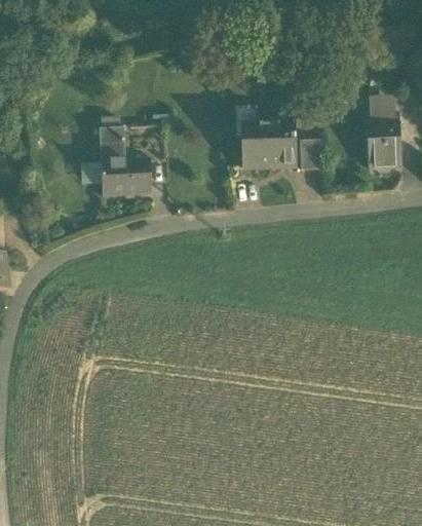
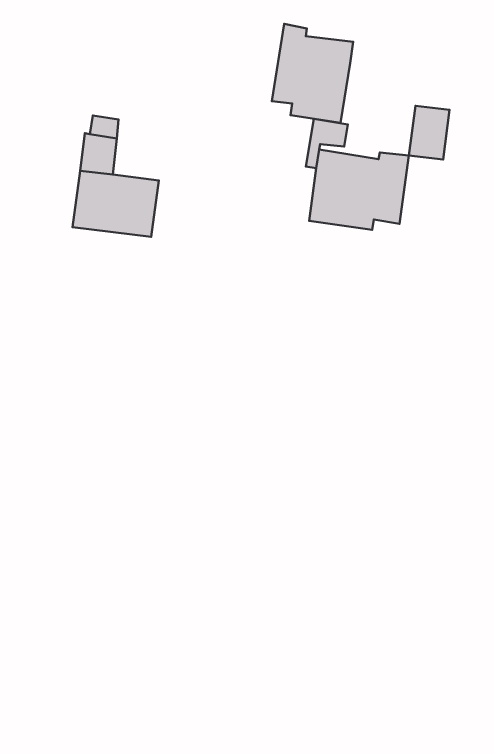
building: none -> [272,24,353,123]
building: [298,139,319,170] -> [409,106,450,159]

